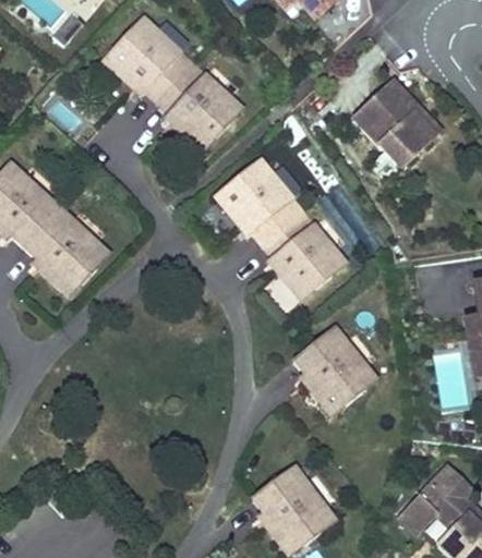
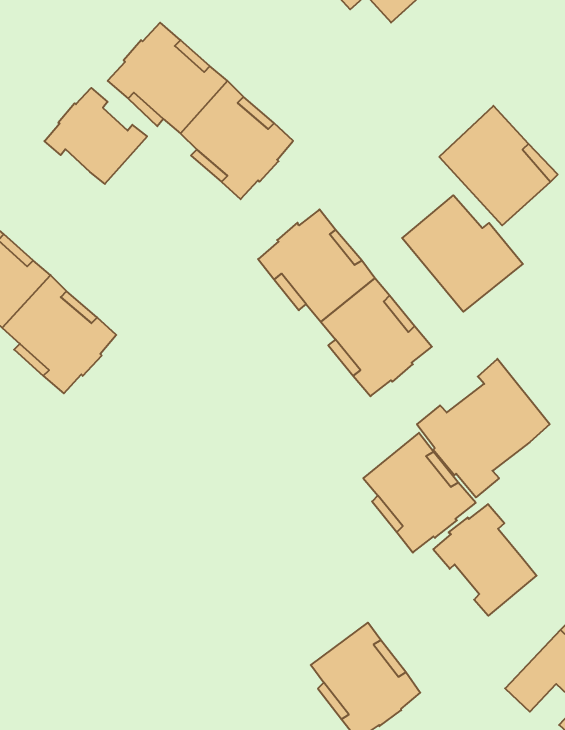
building: none -> [44,88,147,184]
building: none -> [402,195,523,312]
building: none -> [417,359,550,497]
building: none -> [433,504,537,616]

